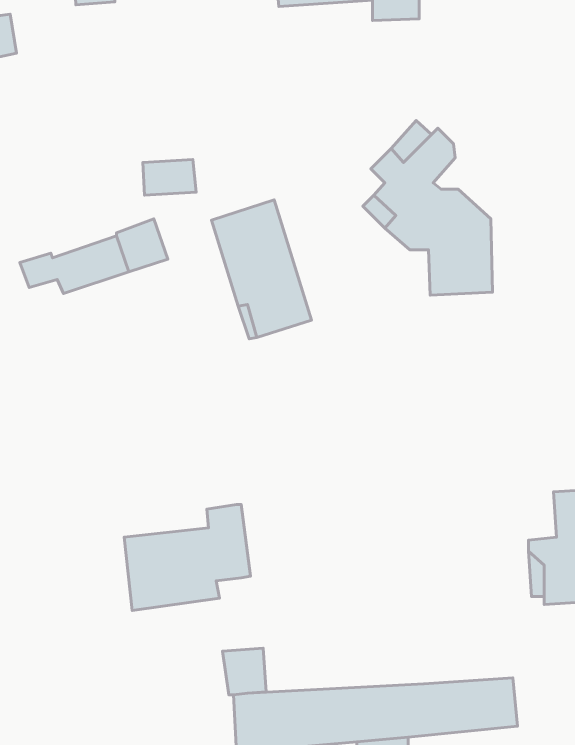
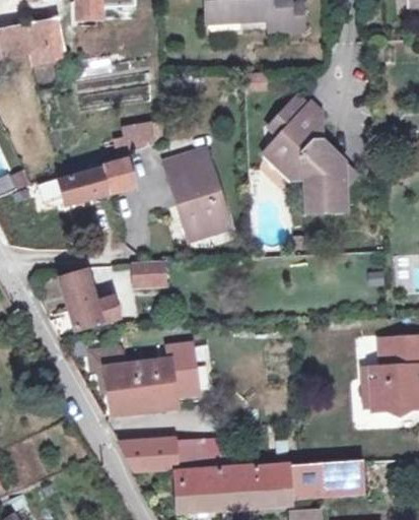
building: none -> [32,21,64,65]
building: none -> [123,261,163,288]
building: none -> [60,268,121,329]
building: none -> [119,441,176,471]

